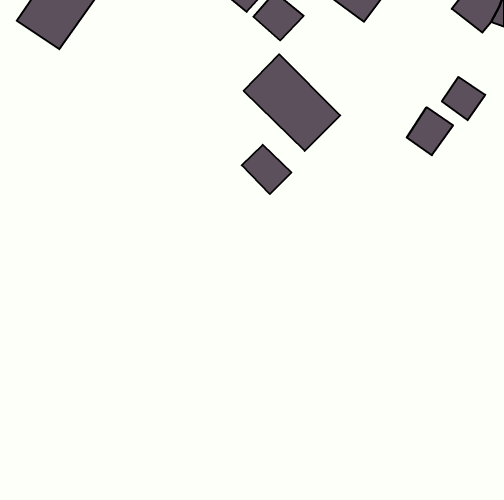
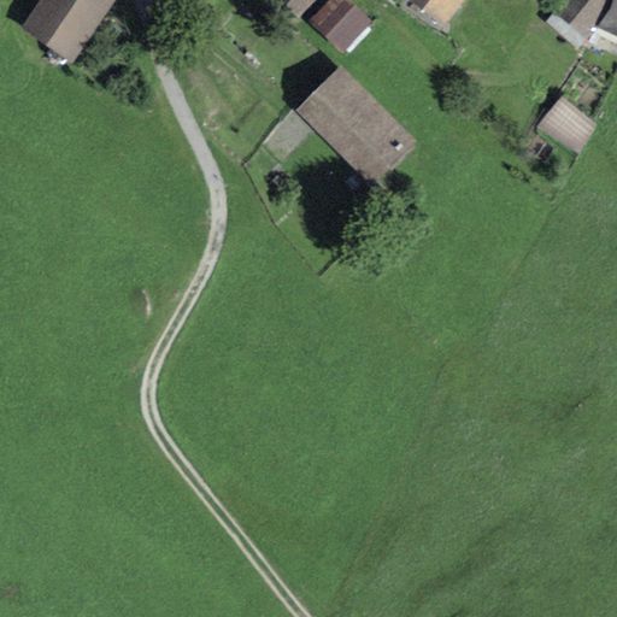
building: [407,107,453,155] -> none
building: [242,145,291,194] -> none

